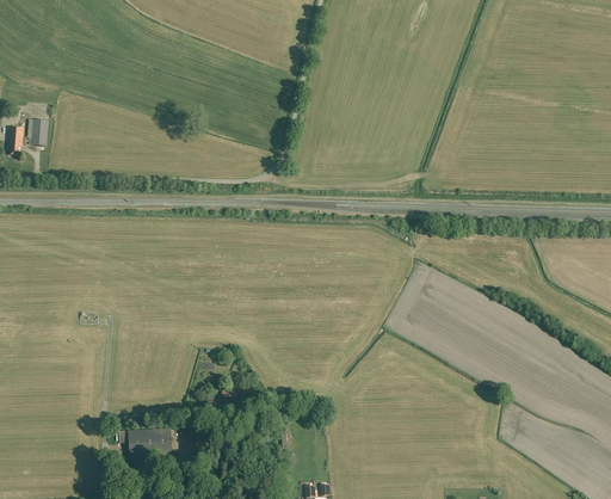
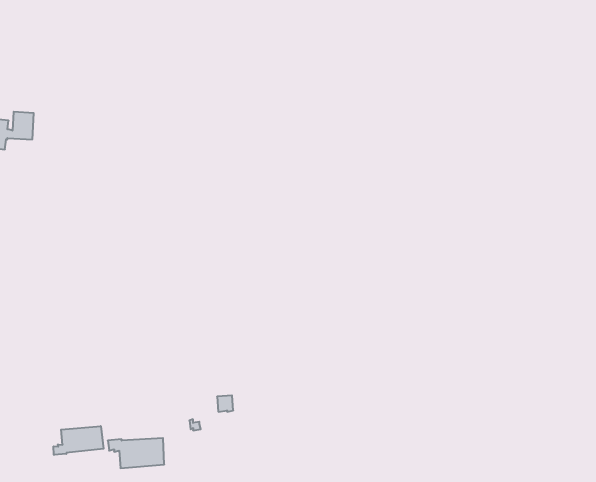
building: none -> [54,426,104,455]

